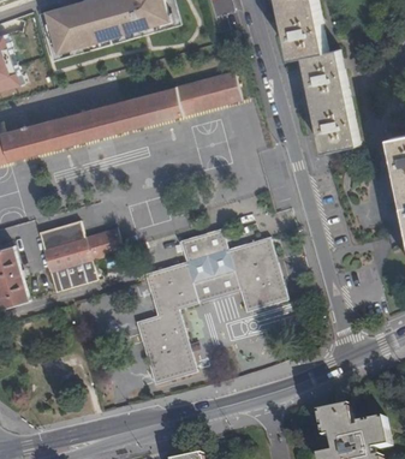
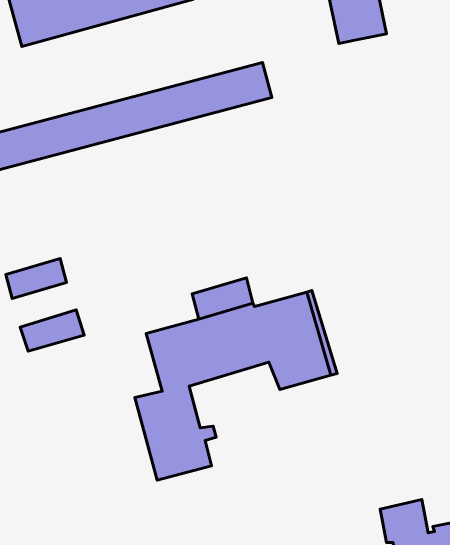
building: [303,49,358,151] -> none
building: [44,228,124,272] -> none

